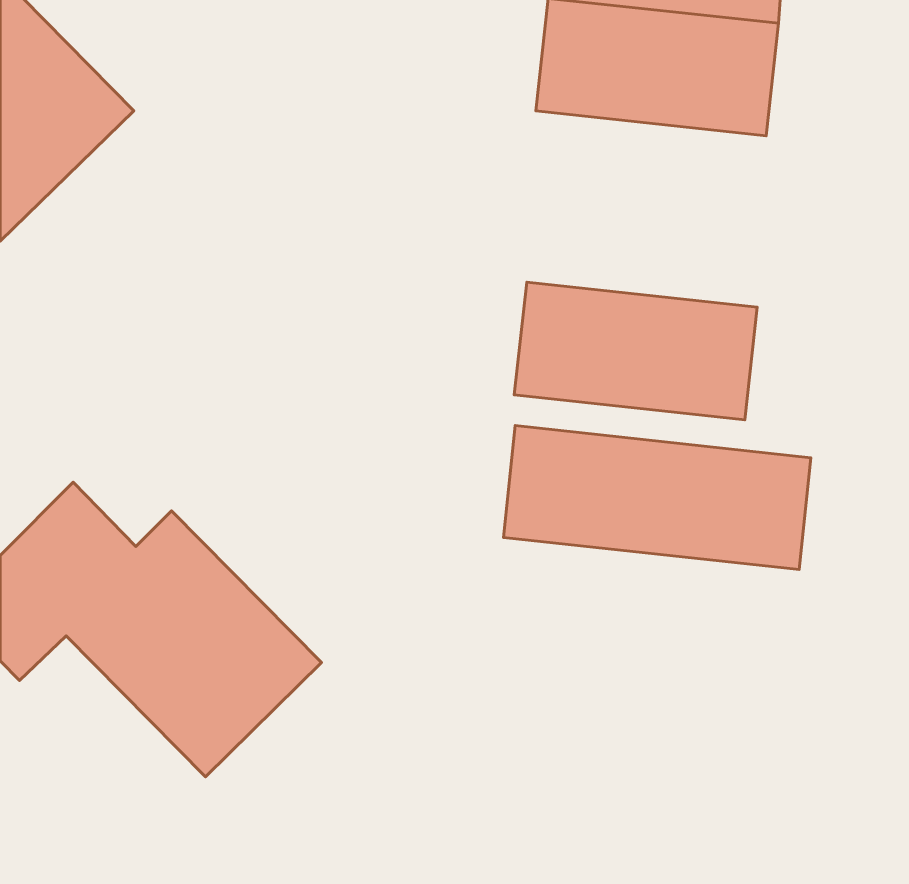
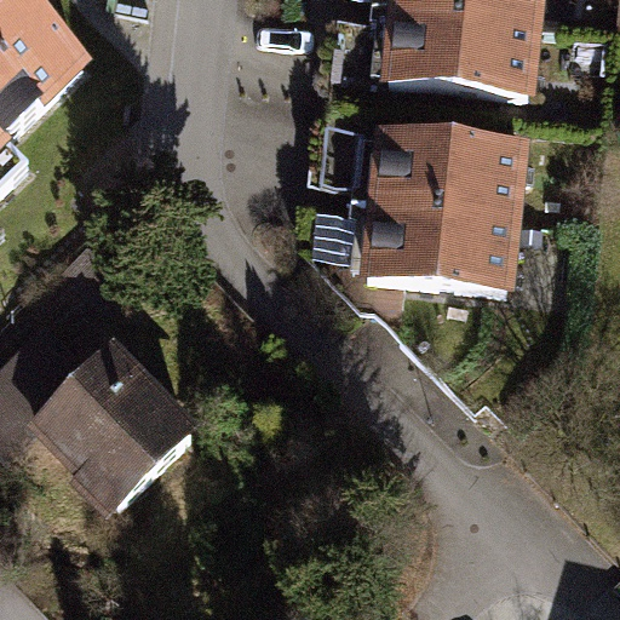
building: none -> [360,120,523,208]
building: [503,426,811,570] -> none

